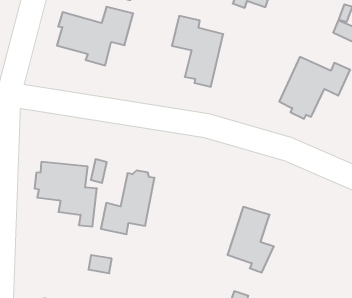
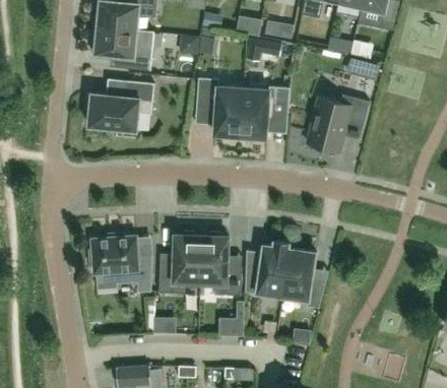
building: none -> [240,86,290,141]
building: none -> [200,233,241,296]
building: none -> [245,241,290,297]
building: none -> [218,302,244,336]

